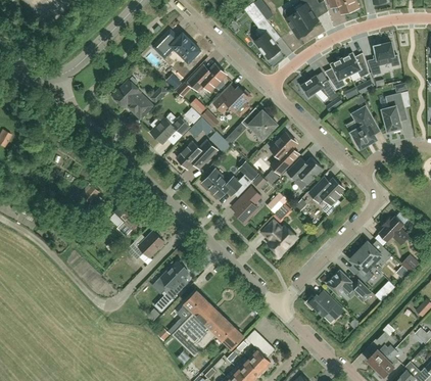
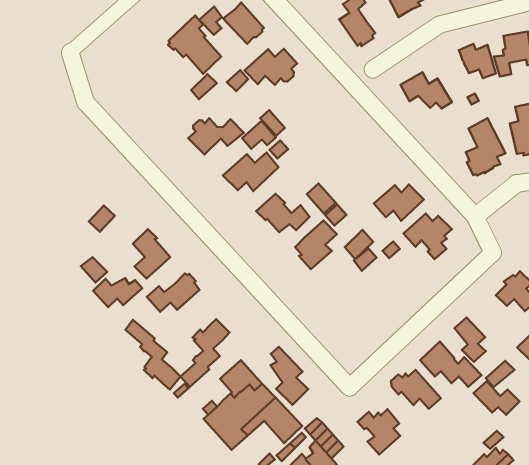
building: [324,58,349,90] -> none
building: [112,77,151,118] -> [168,16,221,74]
building: [212,86,250,115] -> none
building: [241,110,277,139] -> none
building: [270,133,298,174] -> none
building: [262,221,296,257] -> none
building: none -> [93,278,142,307]
building: [357,242,391,266] -> [473,381,520,415]
building: none -> [125,320,181,389]
building: none -> [271,347,308,405]
building: none -> [358,409,400,454]

